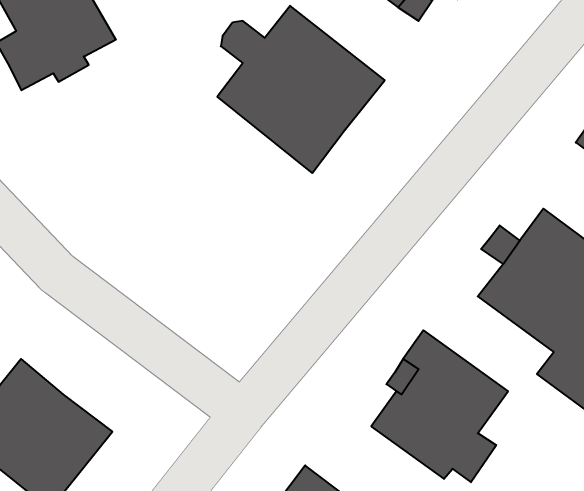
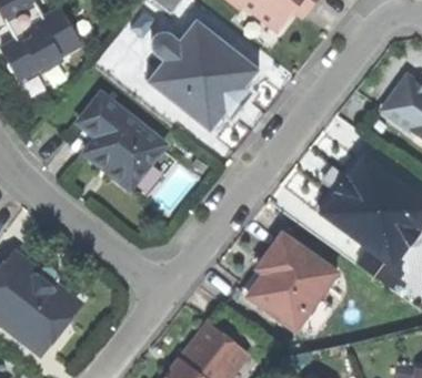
building: none -> [79,95,164,190]

